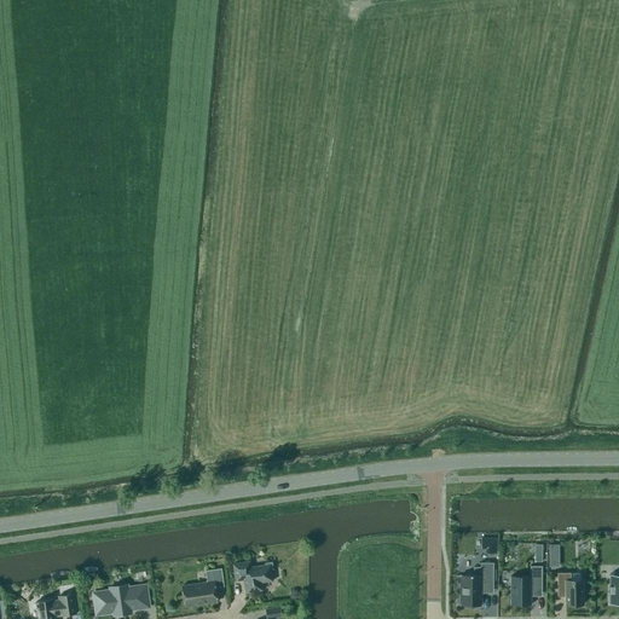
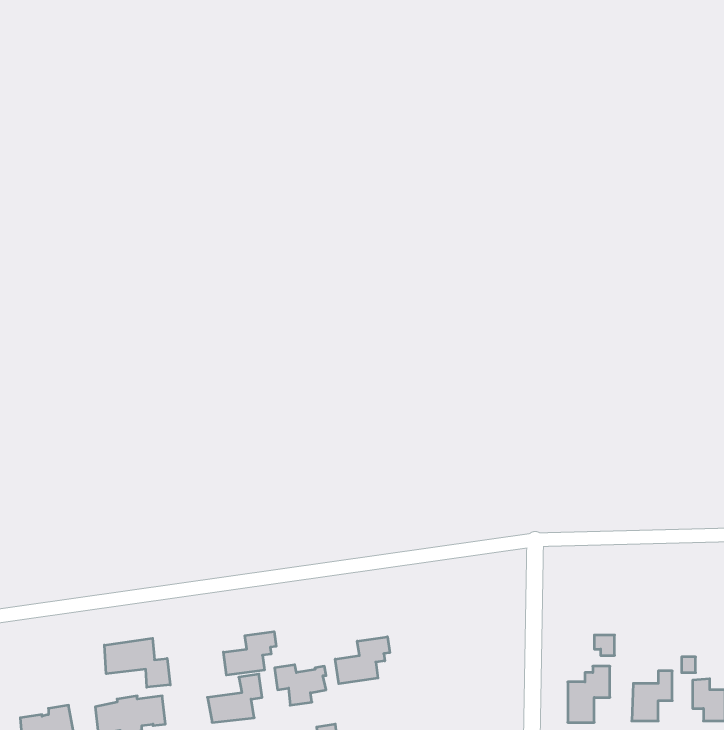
building: none -> [223,632,276,675]
building: none -> [335,637,390,684]
building: none -> [104,638,170,687]

